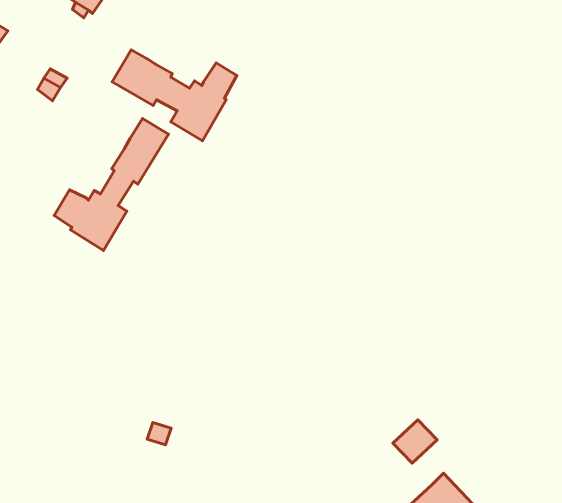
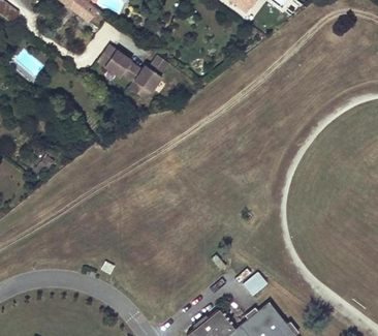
building: [54,119,168,251] -> none

